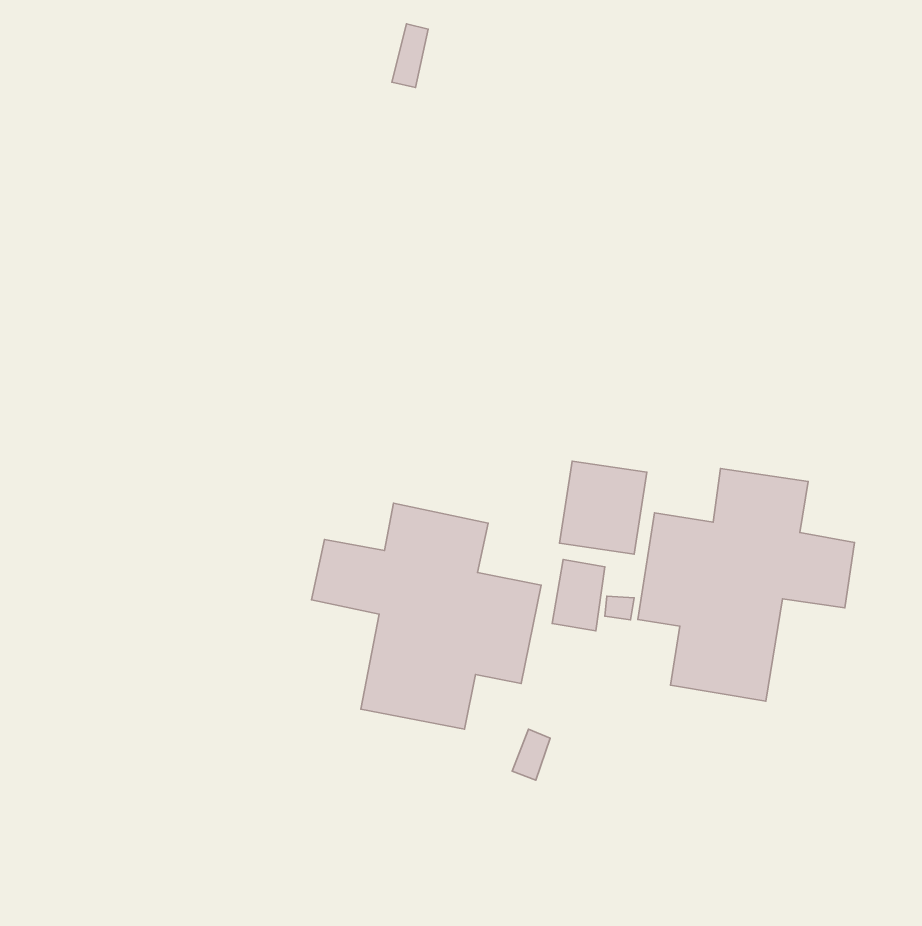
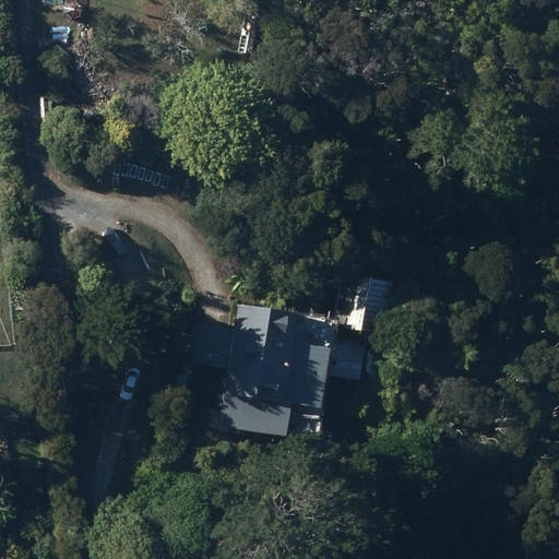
building: [638,469,855,701] -> none

